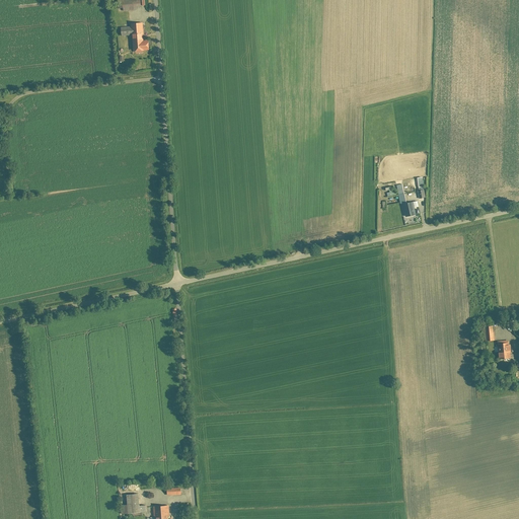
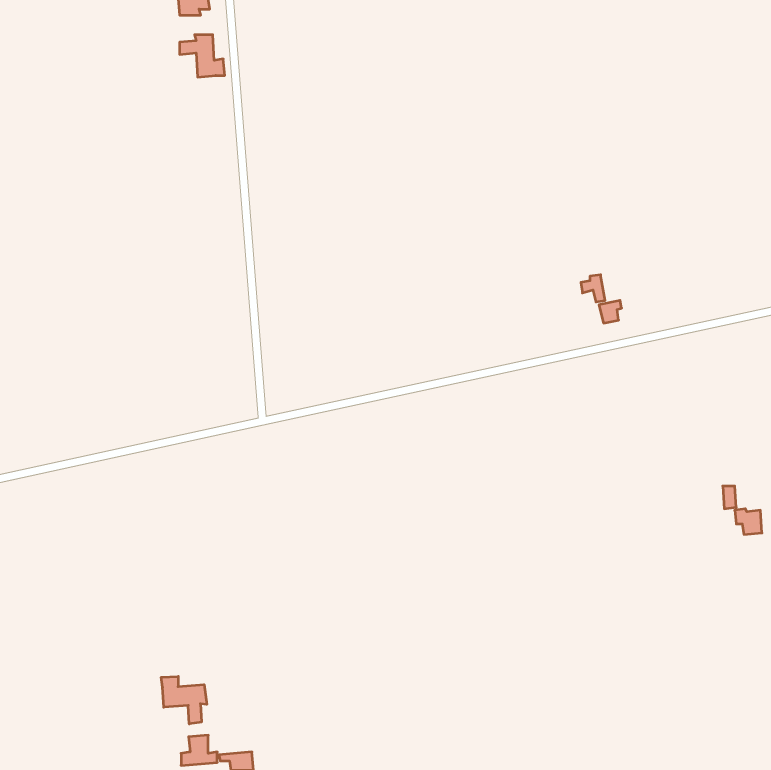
building: none -> [161,676,207,724]

